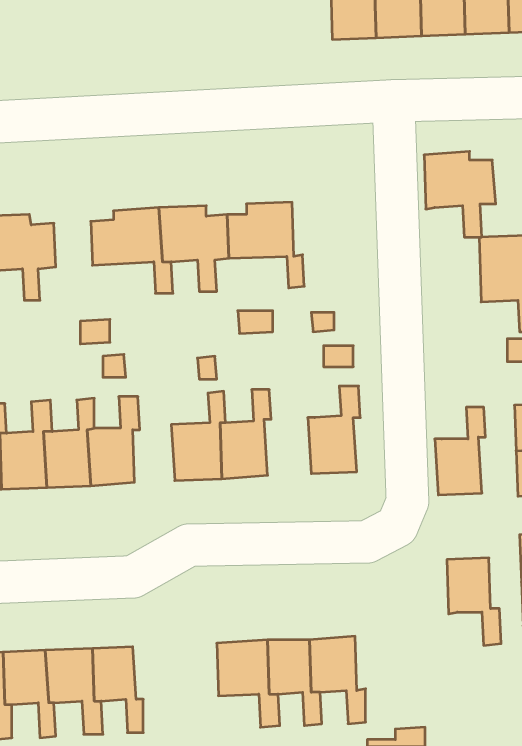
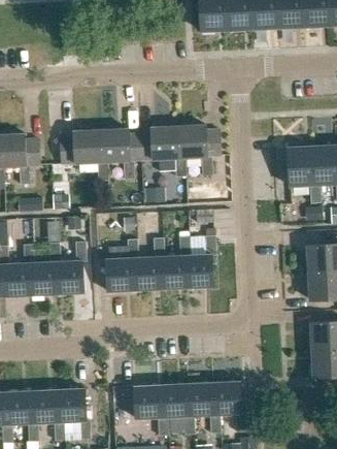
building: [424,151,496,237] -> [177,125,220,175]
building: [435,407,485,495] -> [161,236,191,288]
building: [447,558,501,645] -> [214,382,246,434]

